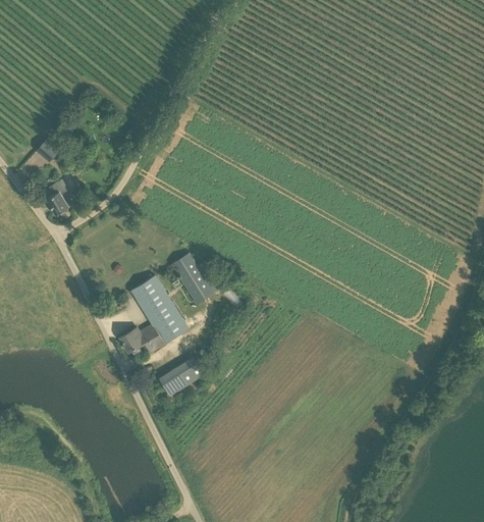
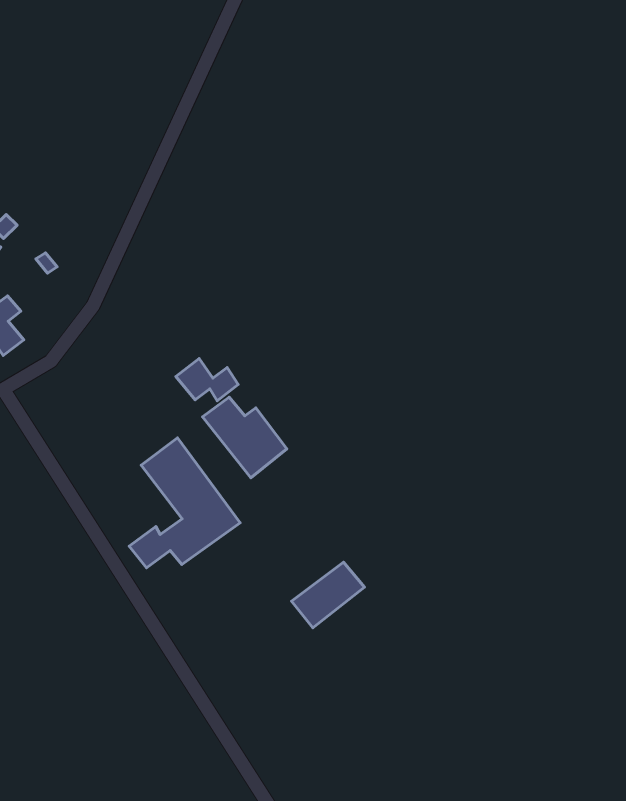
building: none -> [176,359,238,401]
building: [159,358,204,396] -> [291,562,365,628]

